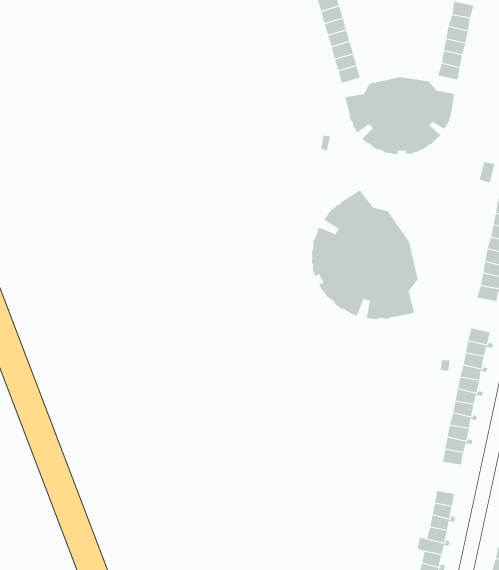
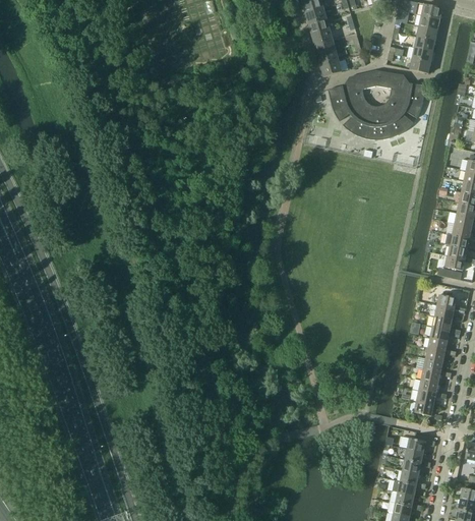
building: [311,190,418,320] -> none

